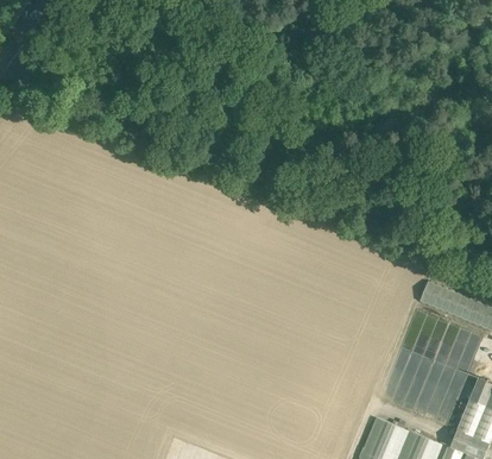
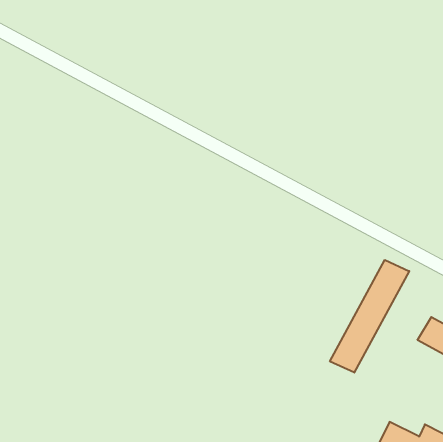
building: none -> [330,260,409,373]

